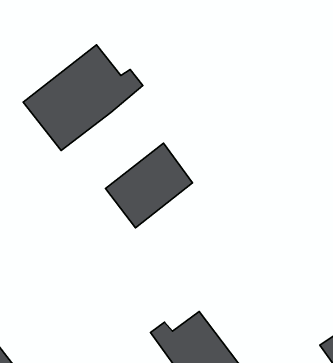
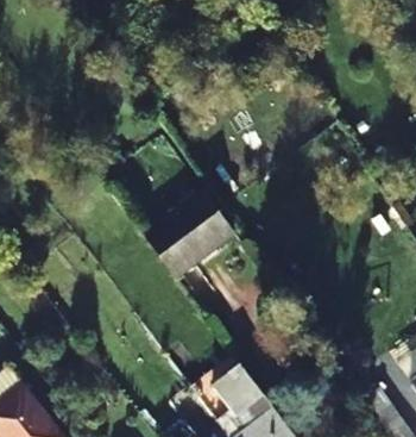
building: [23,45,143,151] -> none

